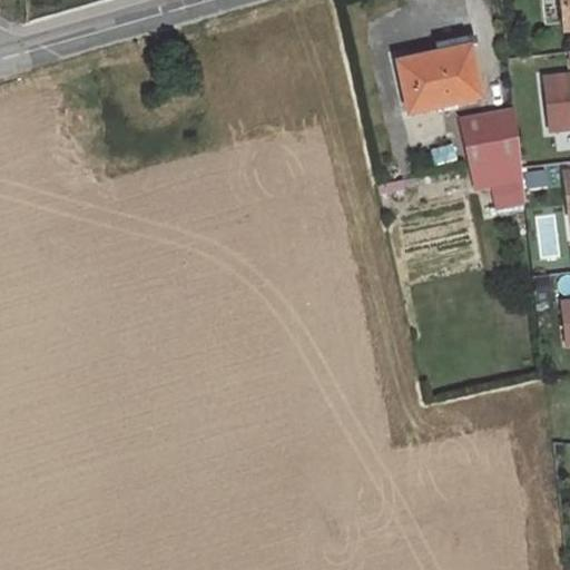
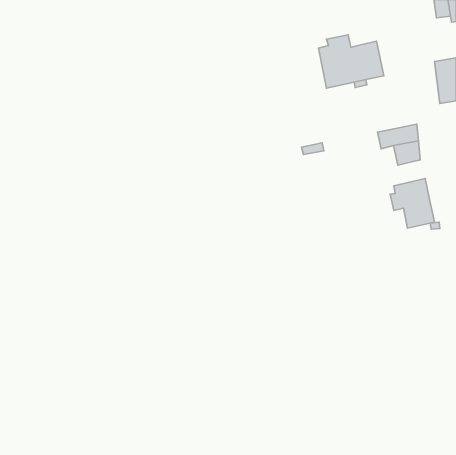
building: [461,109,520,165] -> none
building: none -> [390,178,435,228]

